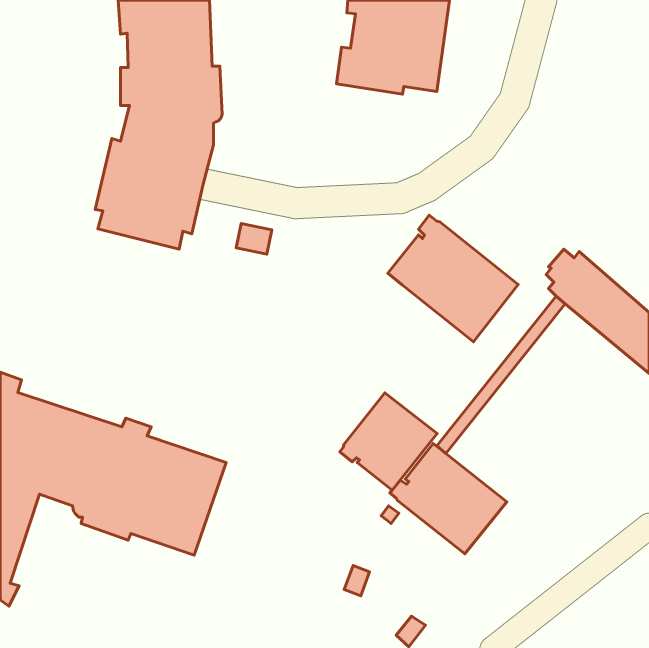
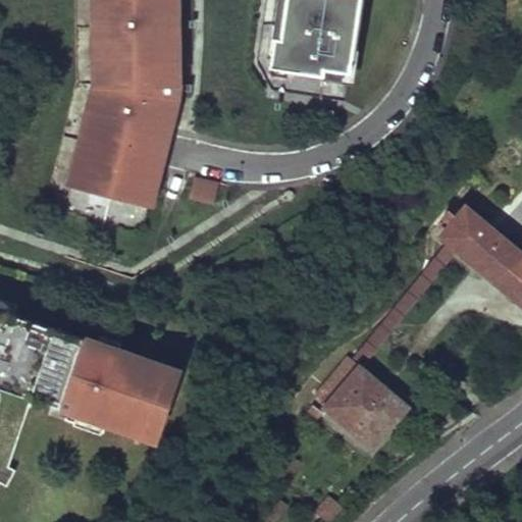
building: [388,215,518,342] -> none
building: [340,393,437,490] -> none

